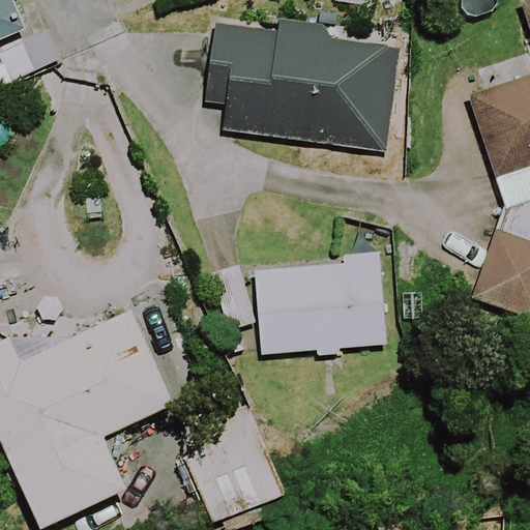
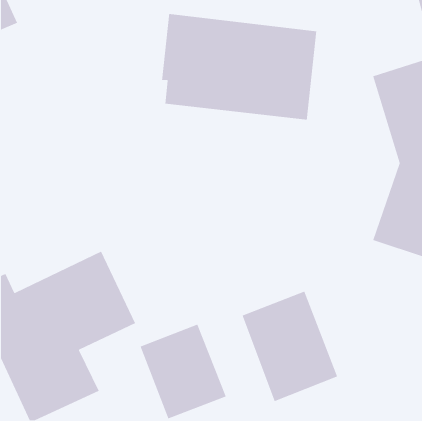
building: [257,253,385,358] -> none
building: none -> [241,291,338,402]

